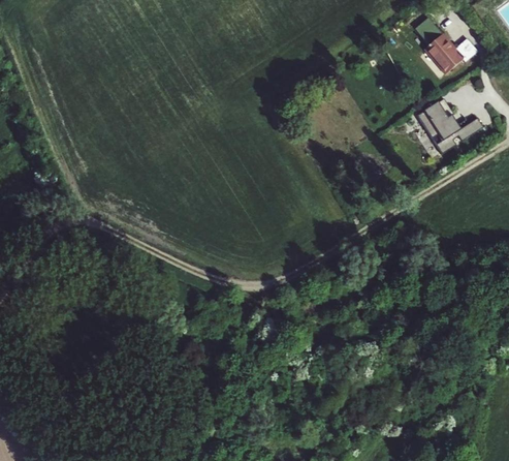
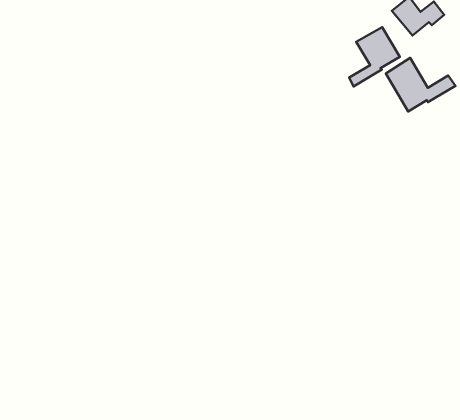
building: none -> [349,27,400,86]

